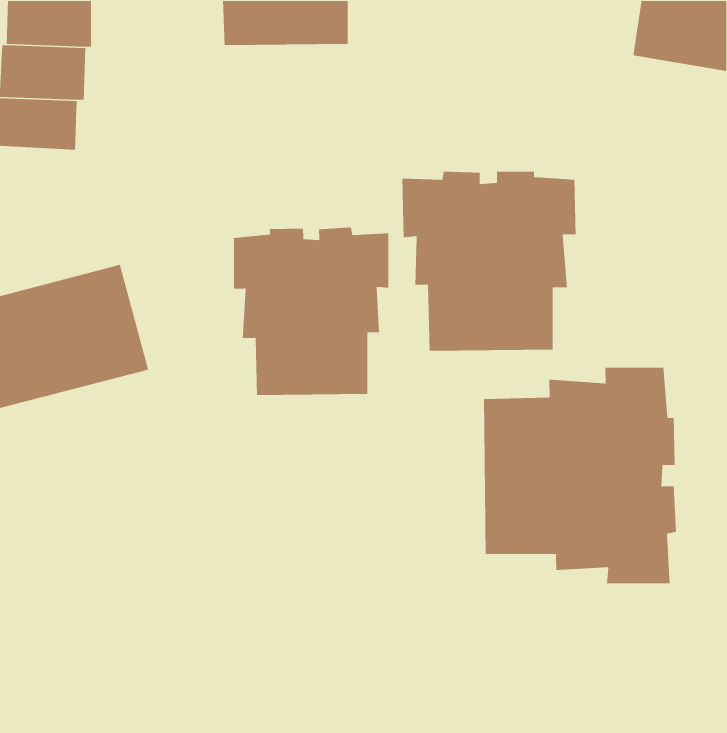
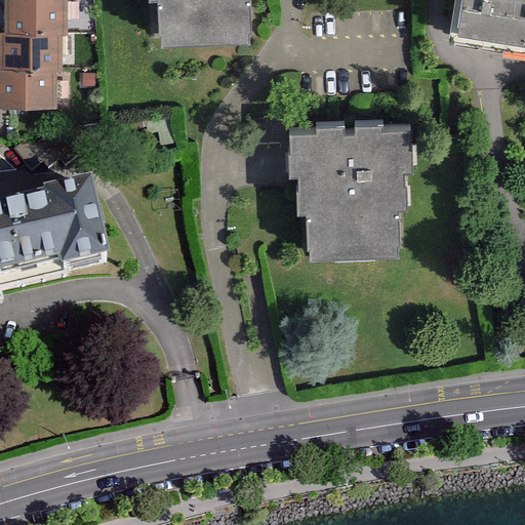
building: [233,227,389,396] -> none
building: [483,367,677,584] -> none

